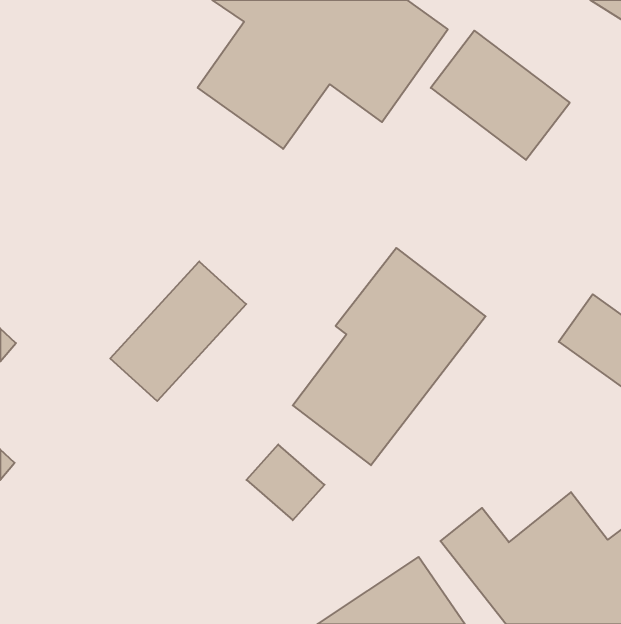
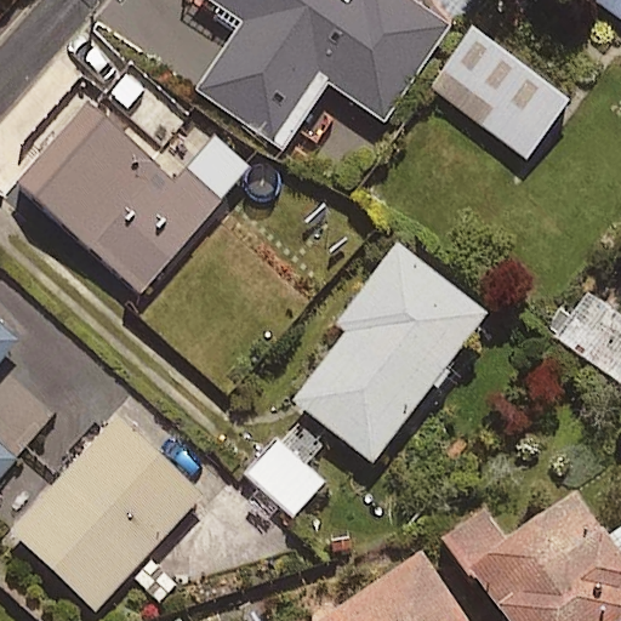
building: none -> [13,96,249,292]
building: [110,261,246,401] -> none
building: none -> [12,398,201,610]

